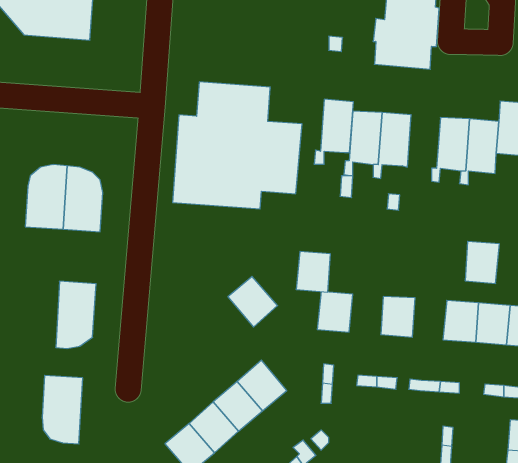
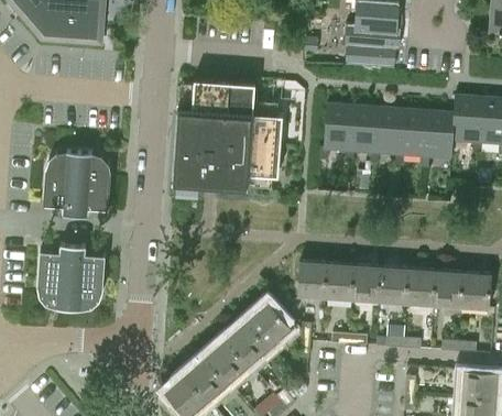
building: [314,99,353,164] -> [369,108,403,164]
building: [465,241,499,283] -> [379,266,408,303]
building: [296,251,330,292] -> [324,263,353,298]
building: [228,276,278,327] -> [248,303,291,347]
building: [42,375,83,444] -> [37,250,73,309]

